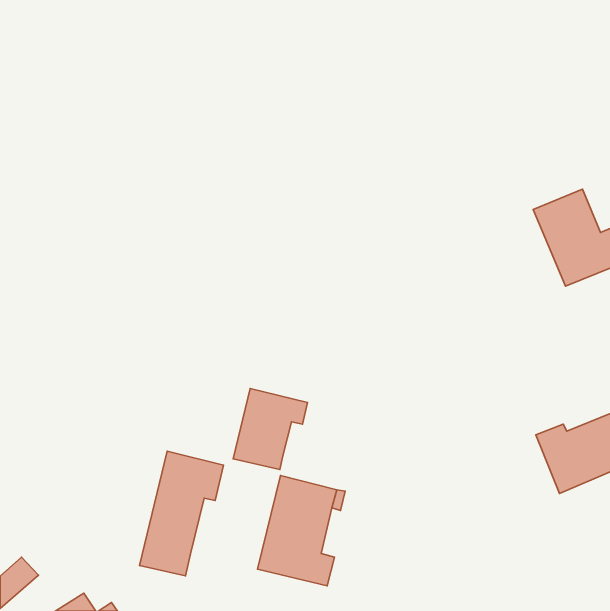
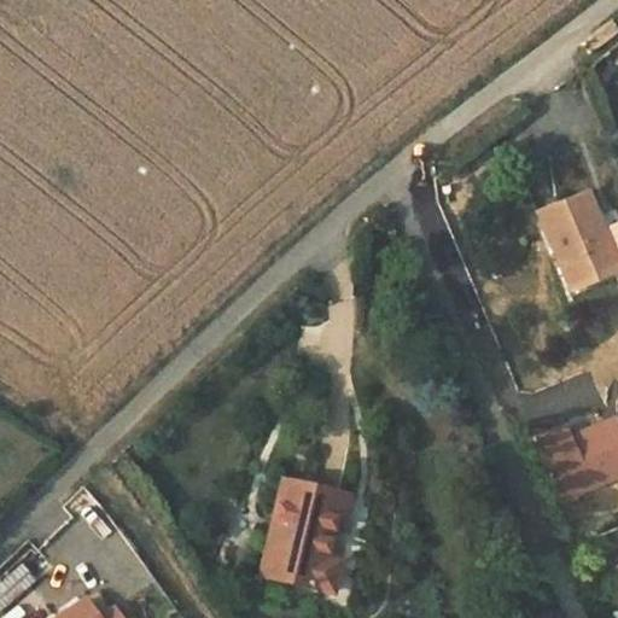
building: [233,389,307,470] -> none
building: [139,451,224,576] -> none

